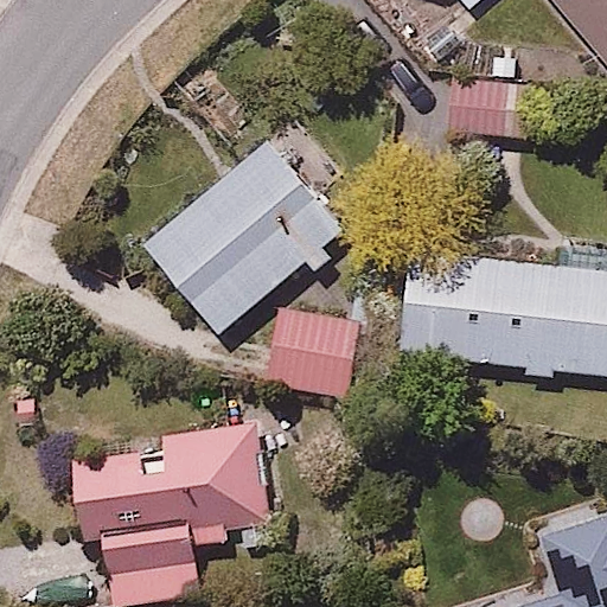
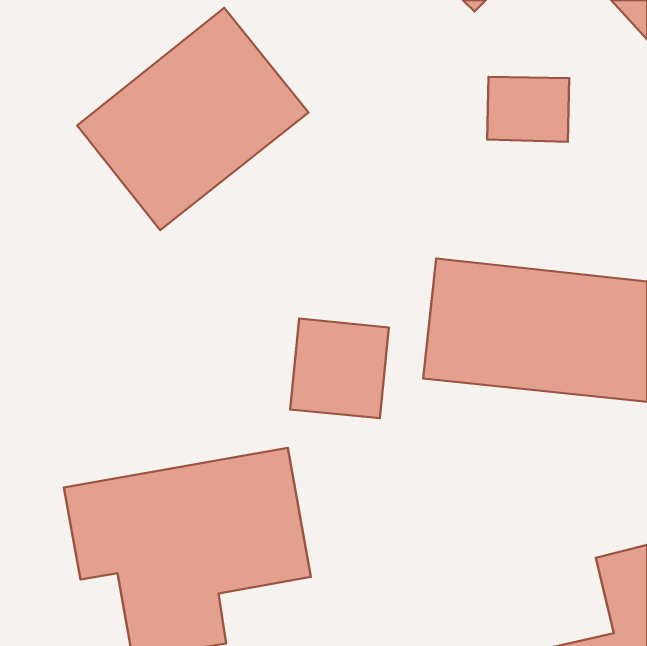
building: [138,134,352,340] -> [77,8,309,230]

